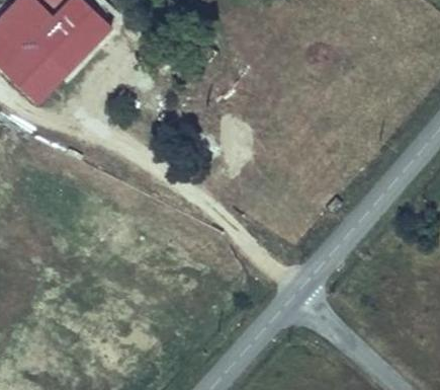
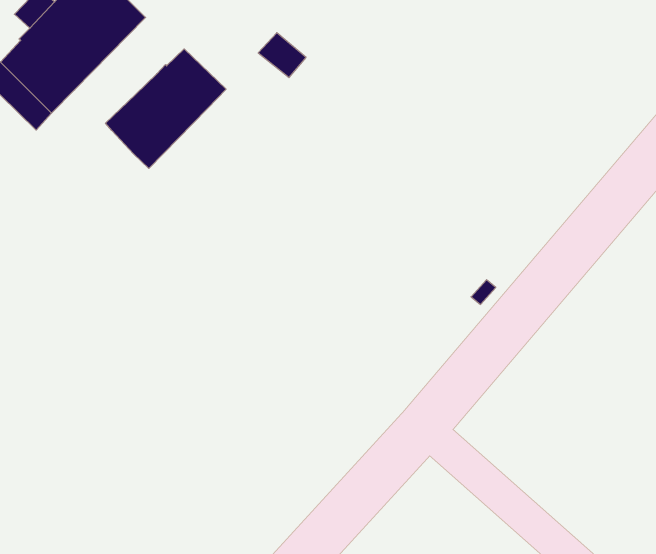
building: none -> [106,49,226,168]

